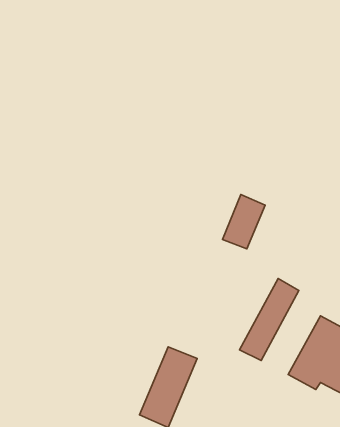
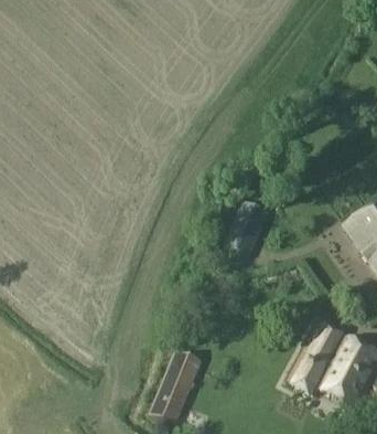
building: [240,279,299,361] -> none

